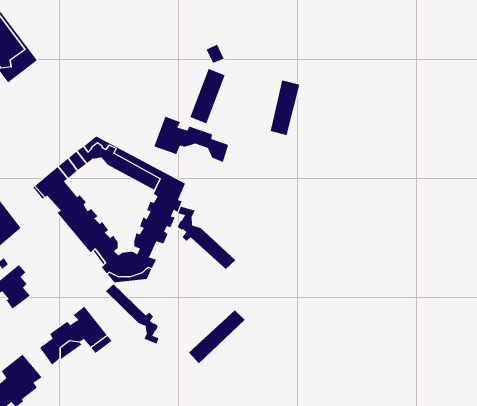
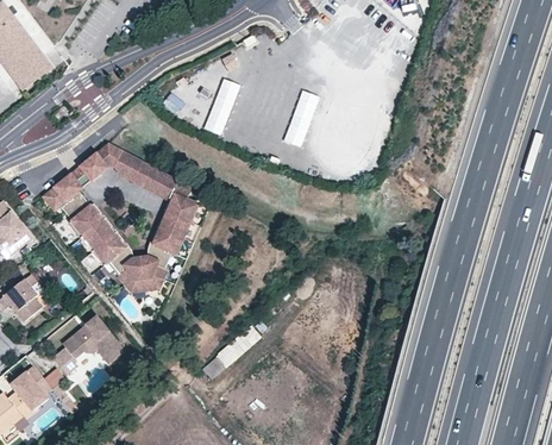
building: [153,116,229,163] -> none
building: [177,206,236,270] -> none
building: [105,283,159,345] -> none

